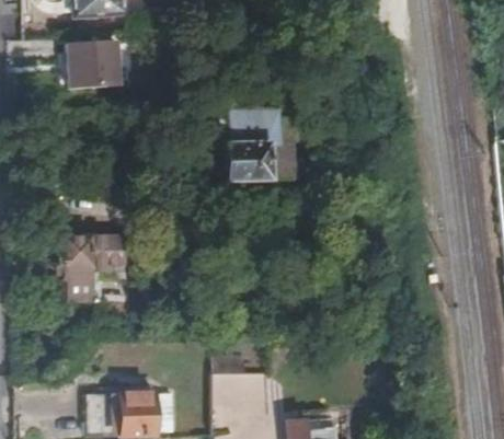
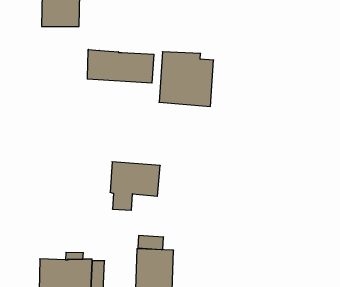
building: none -> [87,49,154,83]
building: [62,236,126,299] -> [110,162,160,210]

